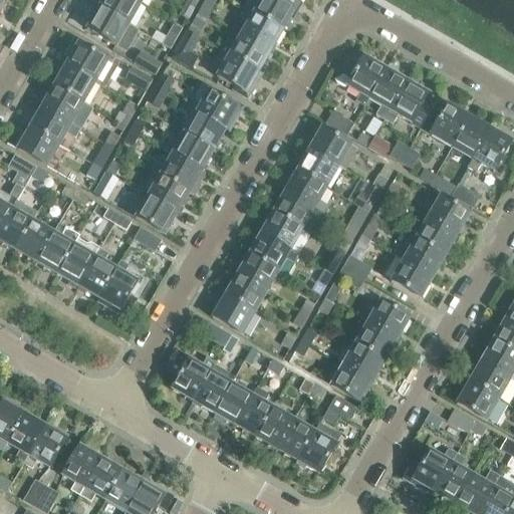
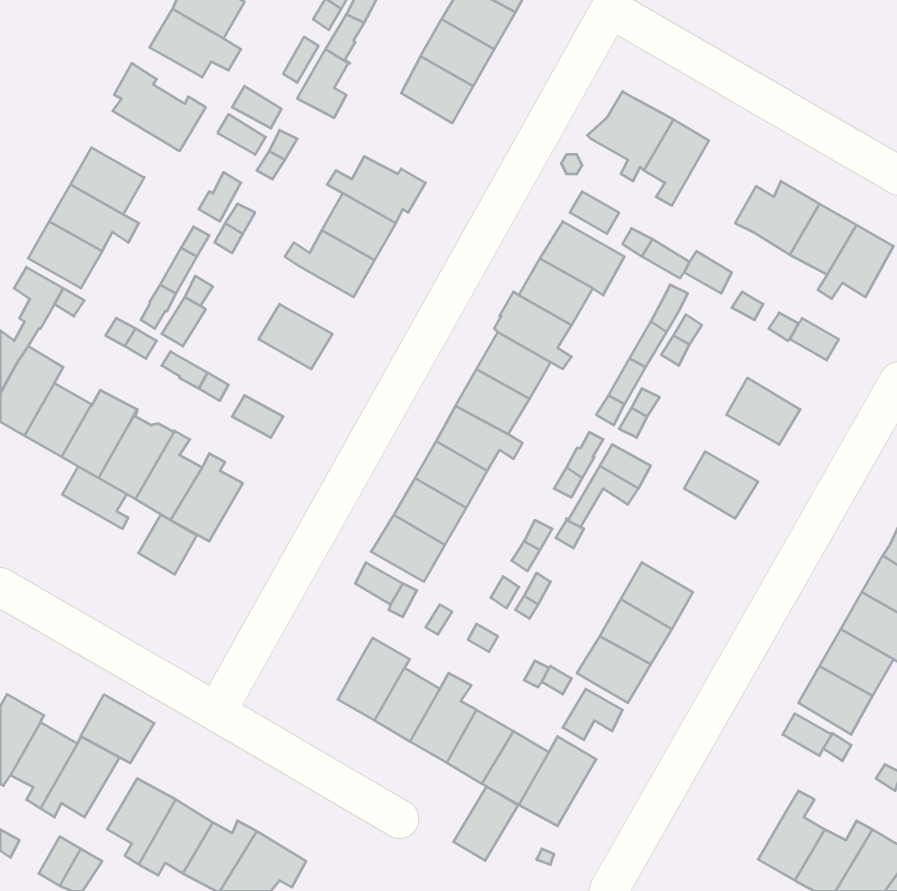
building: [217,53,259,91] -> none
building: [53,63,95,101] -> none
building: [384,80,433,127] -> none
building: [161,153,203,191] -> none
building: [137,194,179,233] -> none
building: [428,195,470,234] -> none
building: [404,237,446,275] -> none
building: none -> [62,466,128,529]
building: none -> [138,514,197,574]
building: [367,300,409,338] -> none
building: [173,357,211,400] -> none
building: none -> [81,695,154,763]
building: [402,447,457,491] -> none
building: none -> [453,786,518,861]

